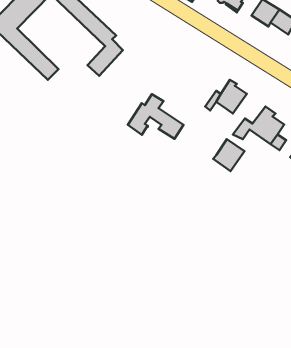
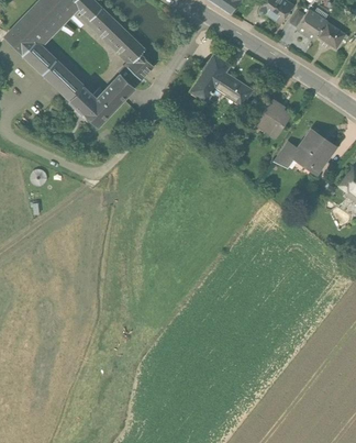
building: none -> [69,82,126,125]
building: [128,94,183,139] -> [190,56,252,106]
building: [213,139,245,171] -> none

